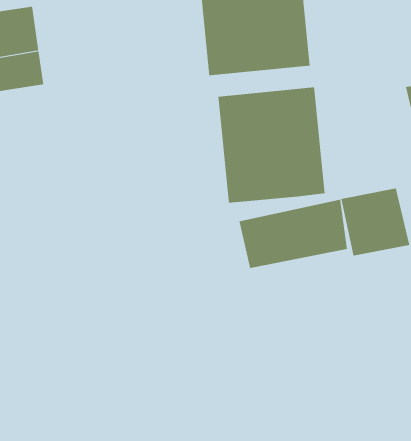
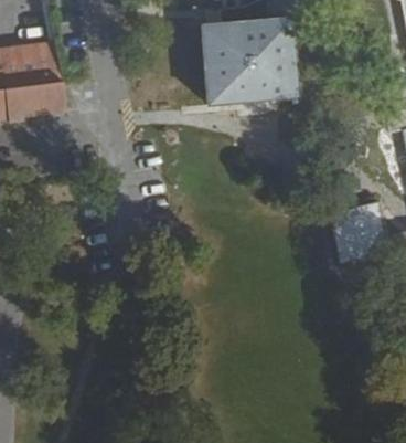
building: [218,87,325,204] -> none
building: [239,199,348,269] -> none

